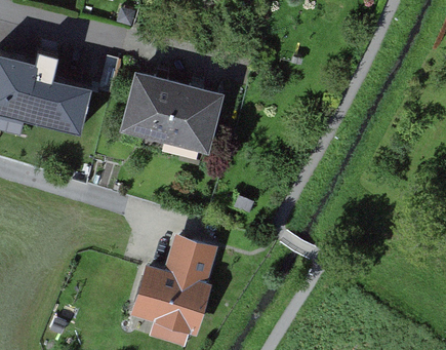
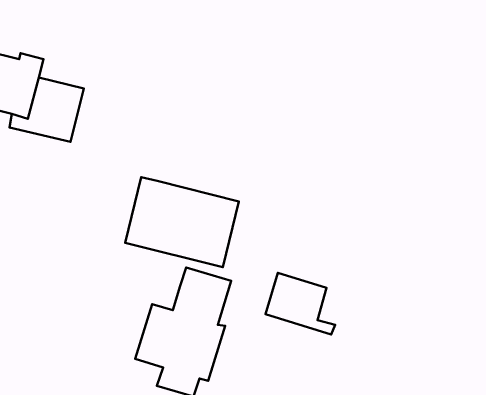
building: [125,76,220,152] -> [125,177,239,267]
building: none -> [266,273,335,335]

